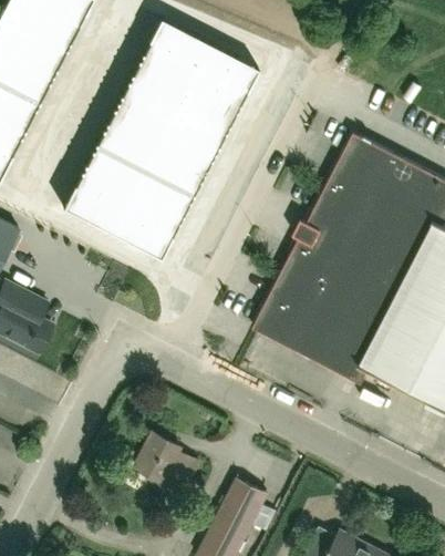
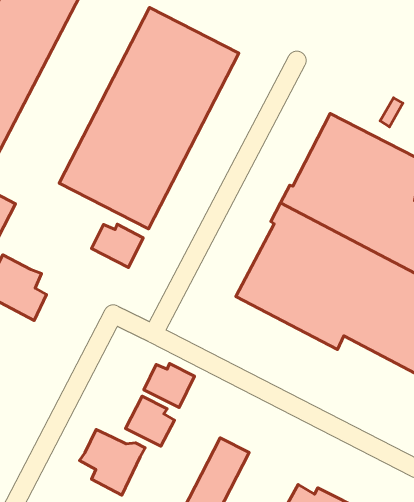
building: none -> [92,224,143,268]
building: none -> [144,364,194,408]
building: none -> [80,429,145,495]

